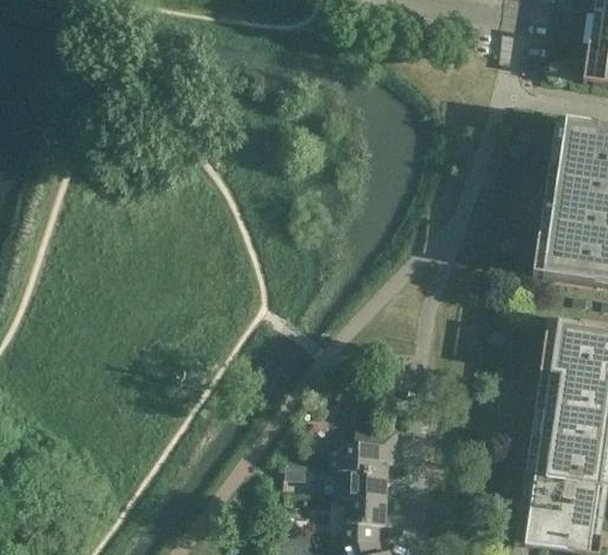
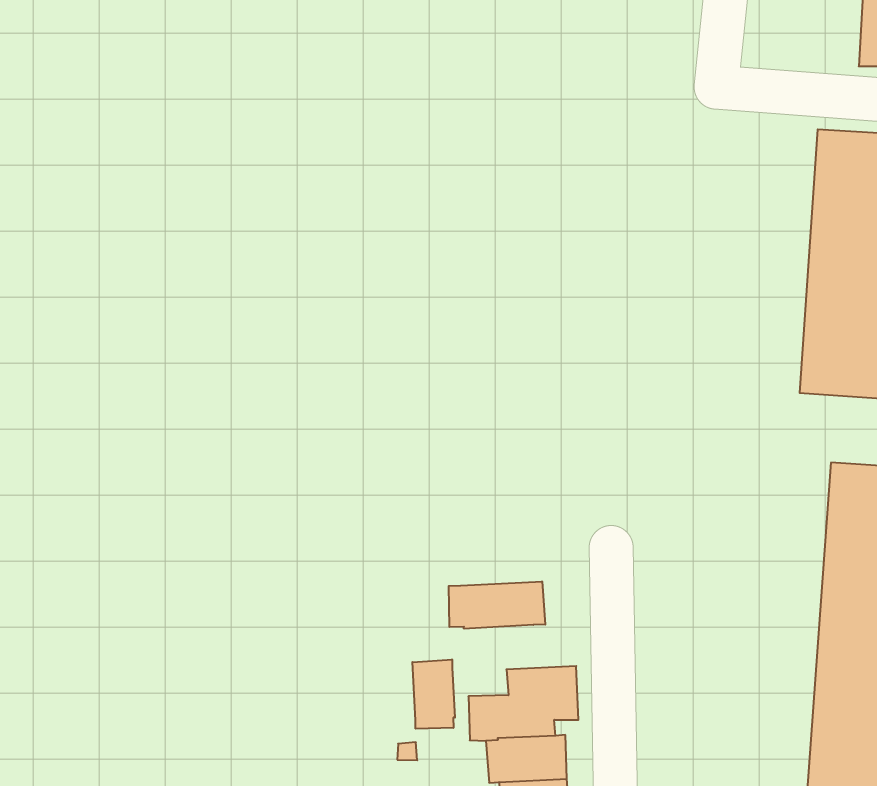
building: none -> [449,581,545,629]
building: none -> [412,659,455,729]

